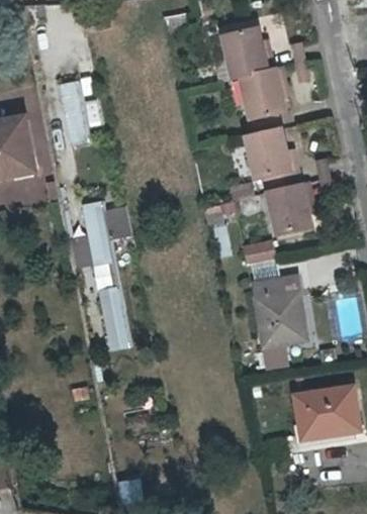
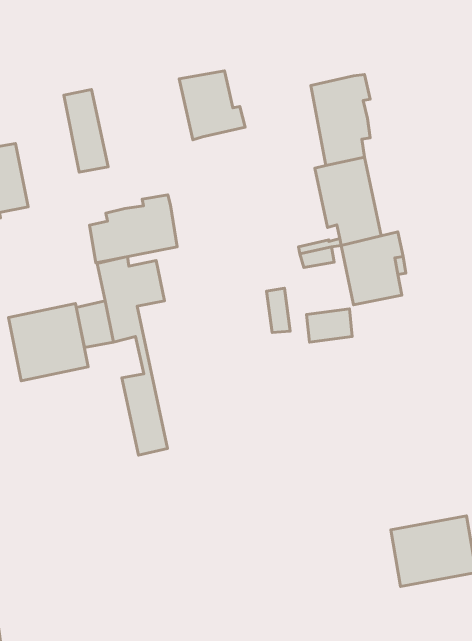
building: [222,27,271,78] -> [179,71,245,140]
building: none -> [90,195,177,263]
building: none -> [8,304,88,381]
building: [253,277,304,346] -> none

